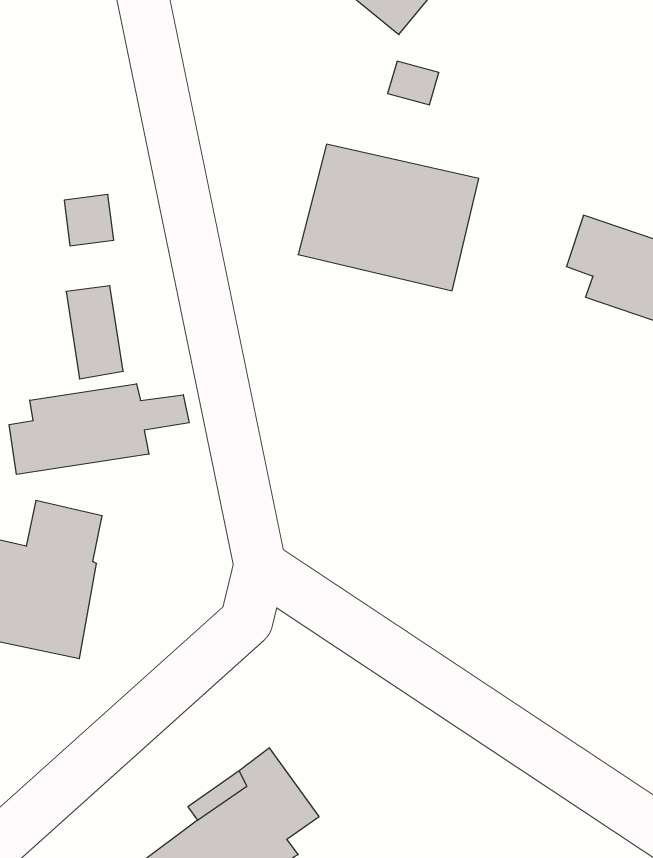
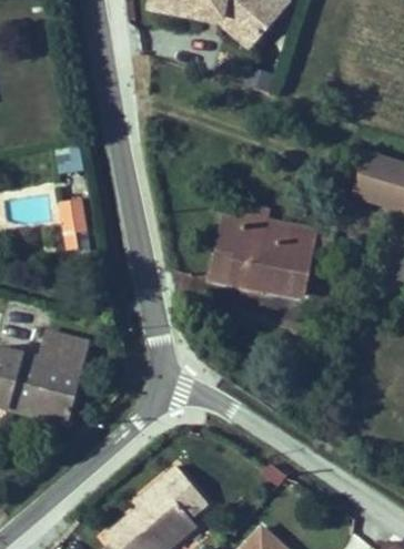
building: [298,144,479,291] -> [213,216,319,302]
building: [9,384,189,474] -> none

